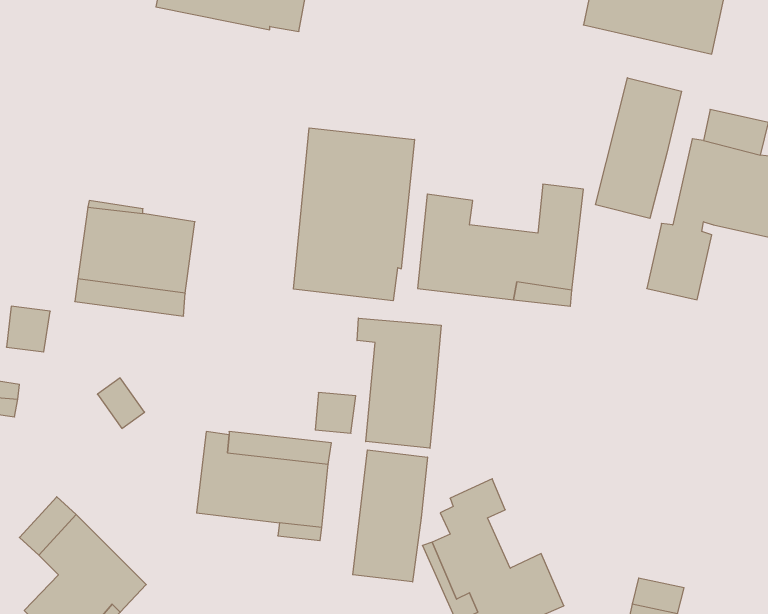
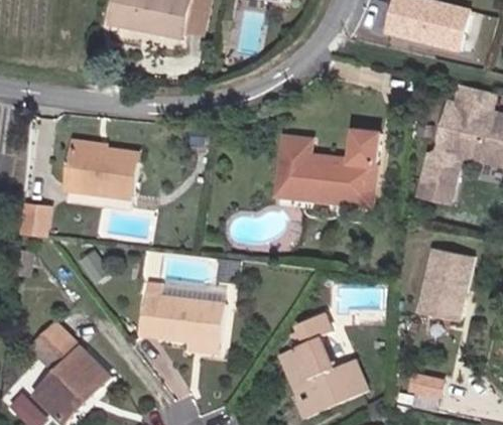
building: [596,78,682,218] -> none
building: [294,128,414,301] -> none
building: [357,318,441,448] -> none
building: none -> [417,248,472,321]
building: [353,450,427,582] -> none

